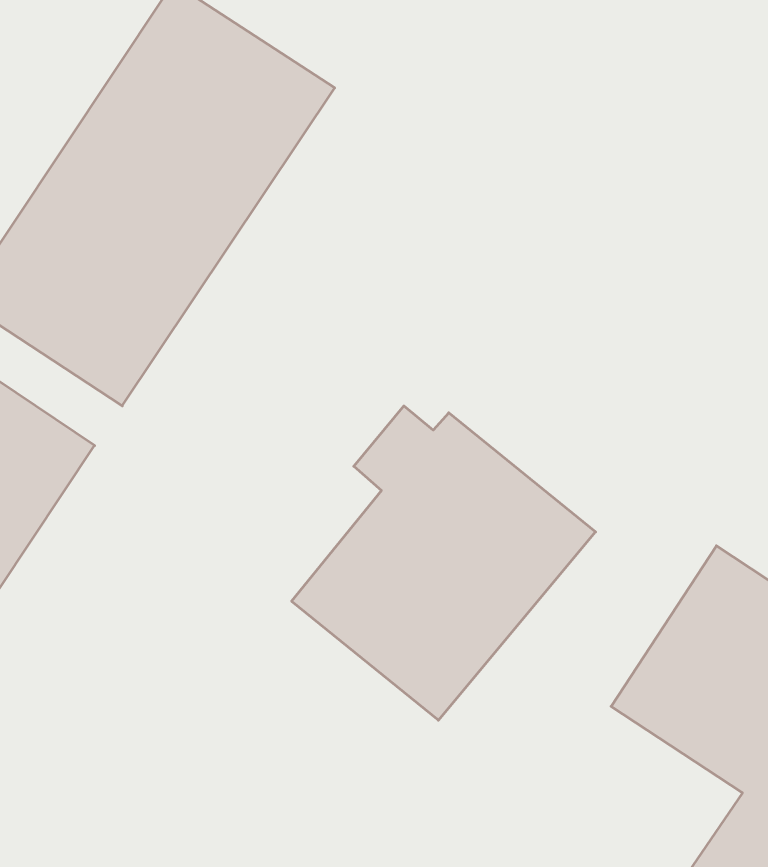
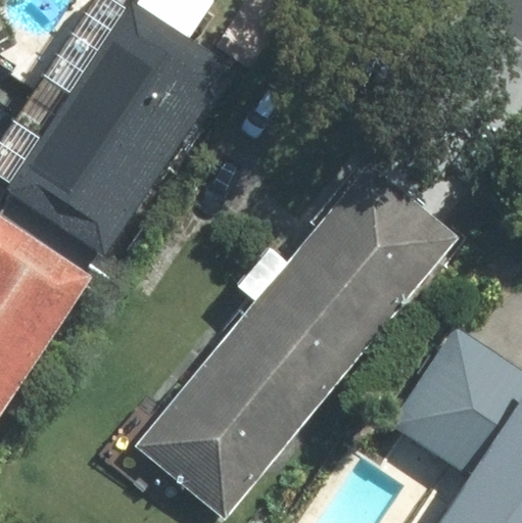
building: none -> [297,164,457,324]
building: none -> [137,365,291,517]

